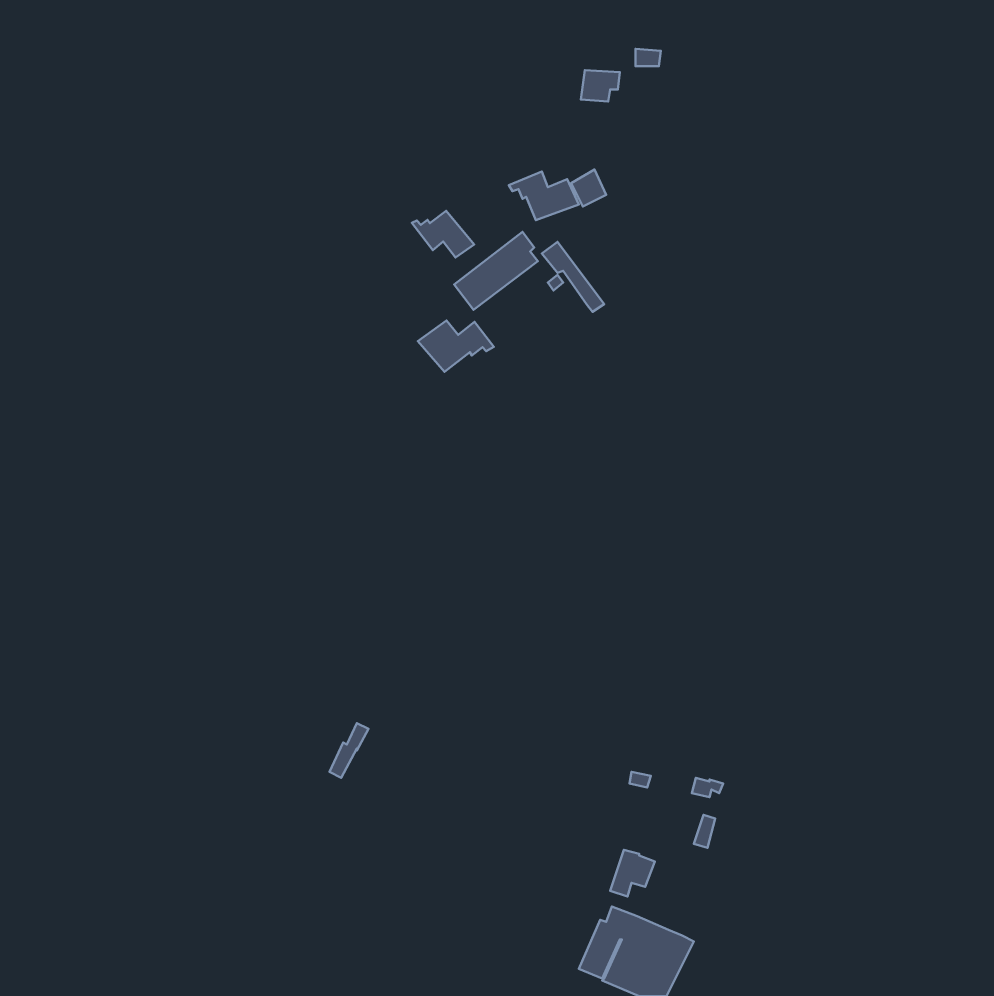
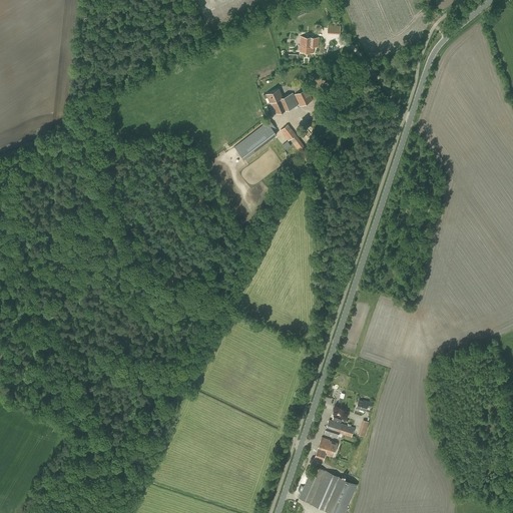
building: [412,211,474,257] -> none
building: [418,320,494,372] -> none
building: none -> [324,419,354,438]

